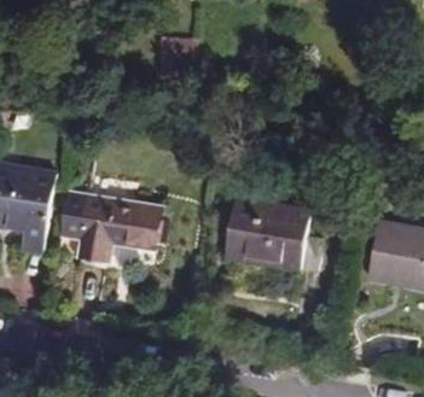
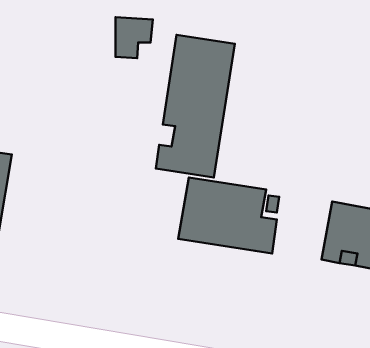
building: none -> [156,35,235,178]
building: [77,194,159,261] -> none

